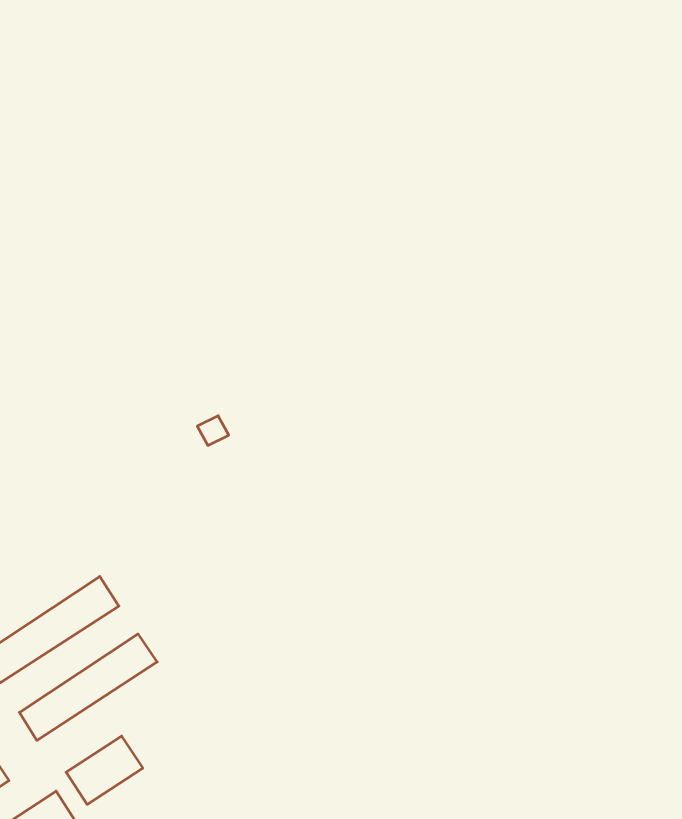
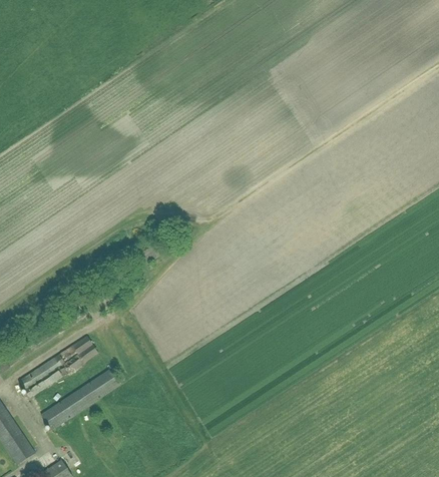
building: [66,736,143,804] -> none

